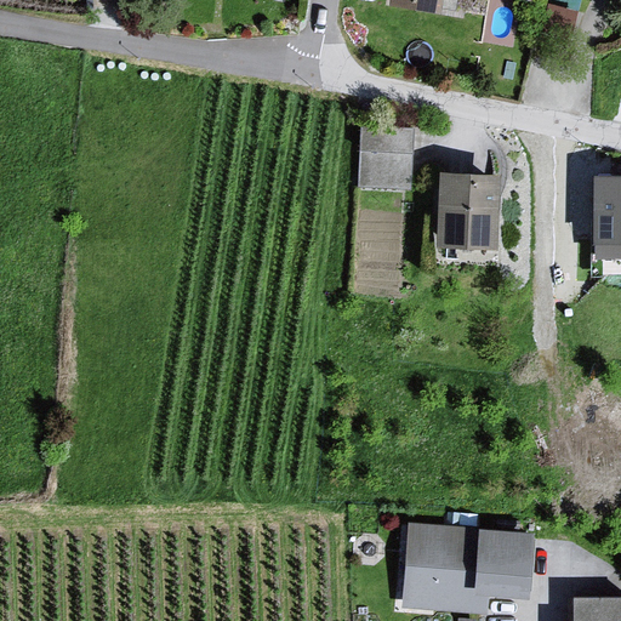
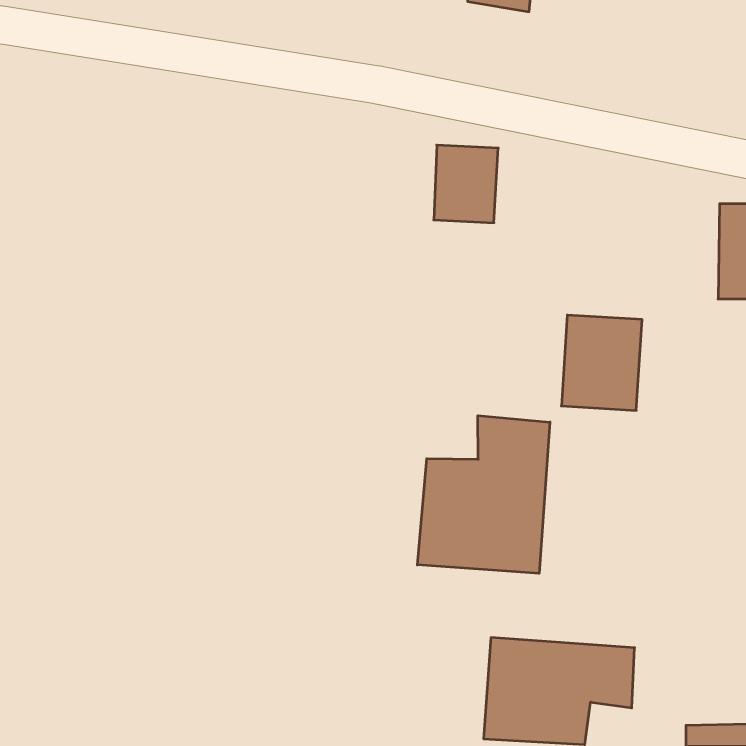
building: [435,164,502,243] -> [561,315,642,410]
building: none -> [417,416,550,573]

